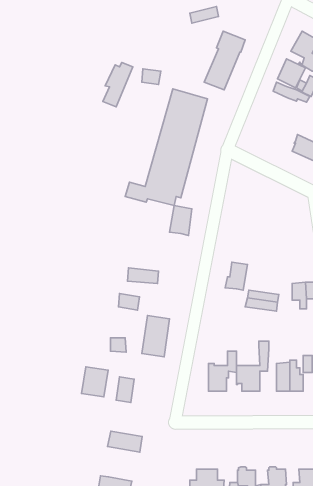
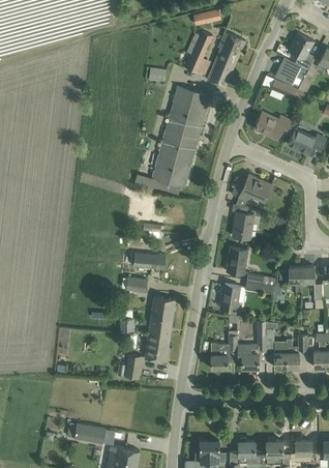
building: [103,62,133,107] -> [184,31,212,72]
building: none -> [255,112,291,139]
building: none -> [236,174,271,207]
building: [170,206,192,236] -> [233,211,253,239]
building: none -> [221,284,240,313]
building: [82,367,108,397] -> [145,332,170,360]
building: [108,431,142,452] -> [73,423,106,443]

